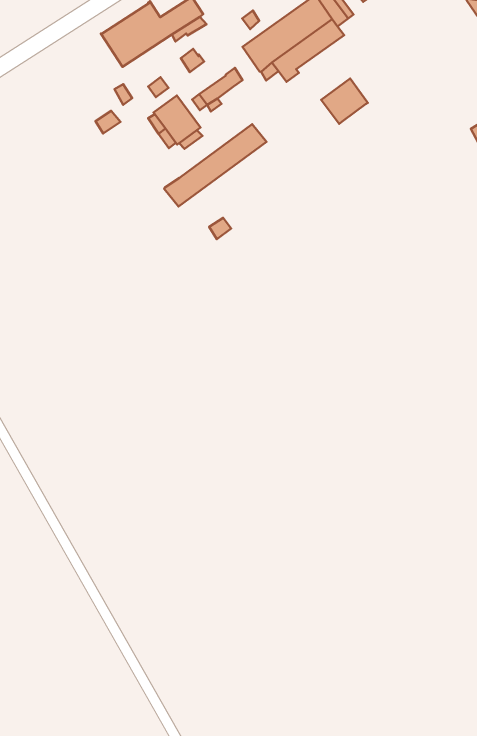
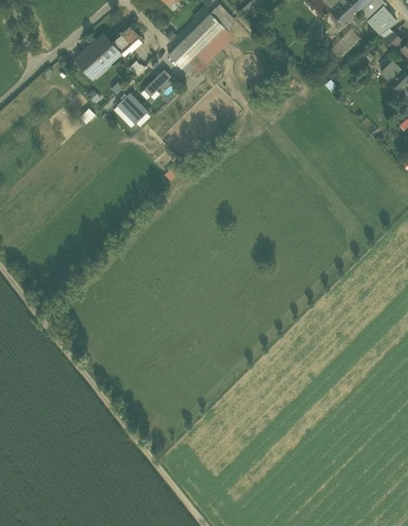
building: [321,79,368,124] -> none
building: [164,124,266,207] -> none

